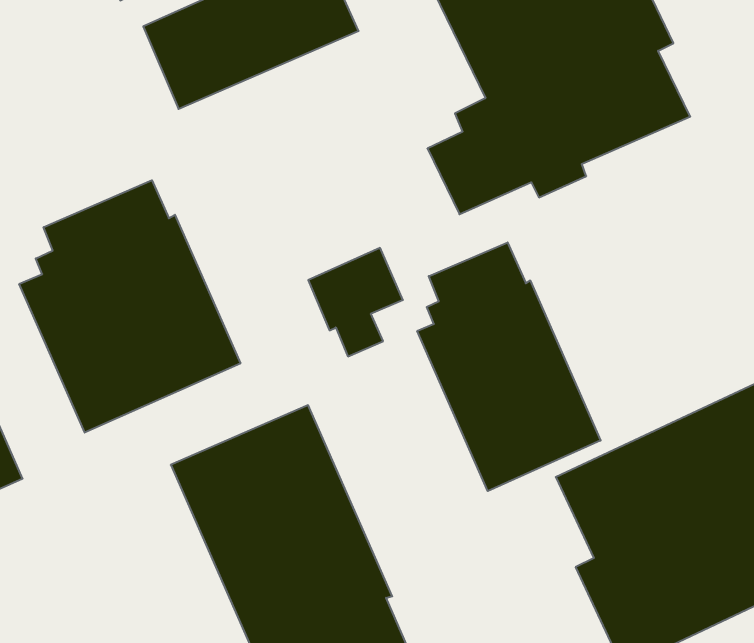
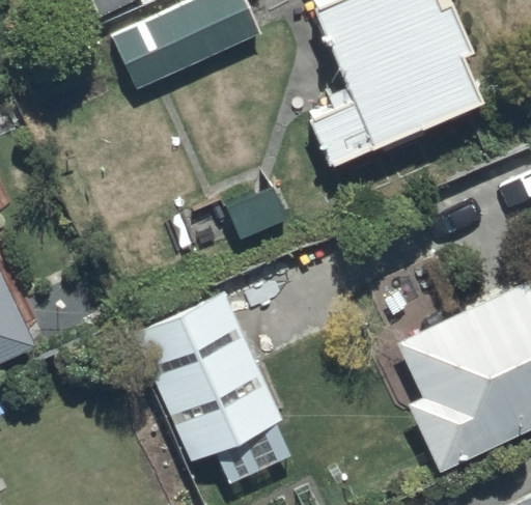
building: [19,180,240,433] -> none
building: [417,242,601,491] -> none

